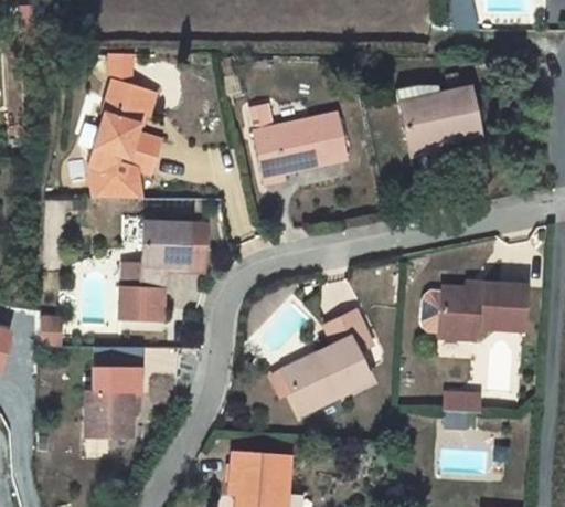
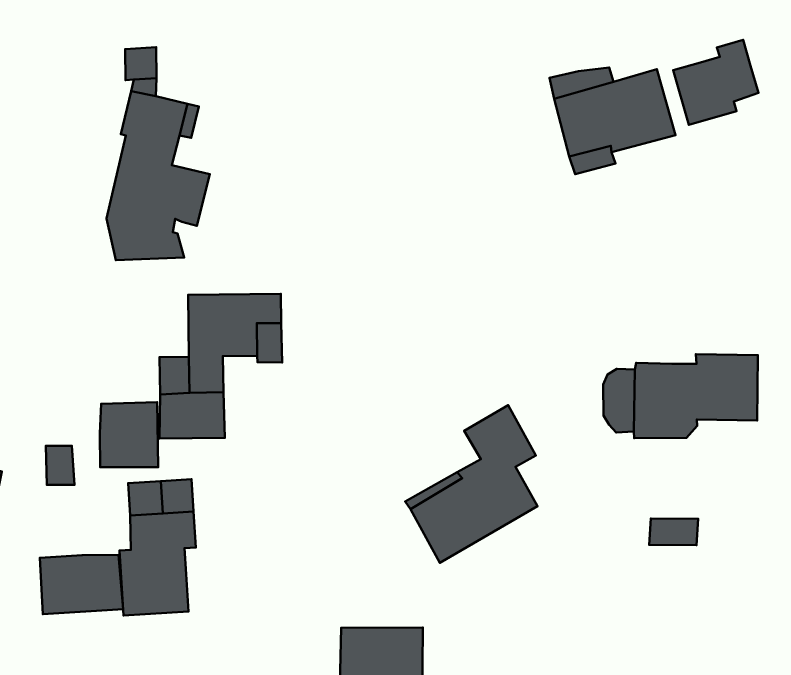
building: none -> [673,40,758,125]
building: [248,105,345,183] -> none
building: none -> [100,402,158,467]
building: none -> [40,555,123,614]

